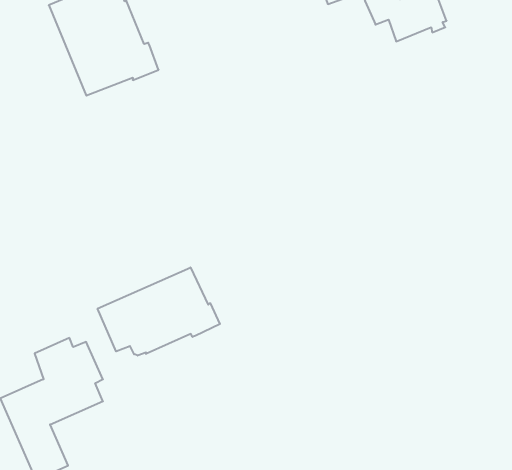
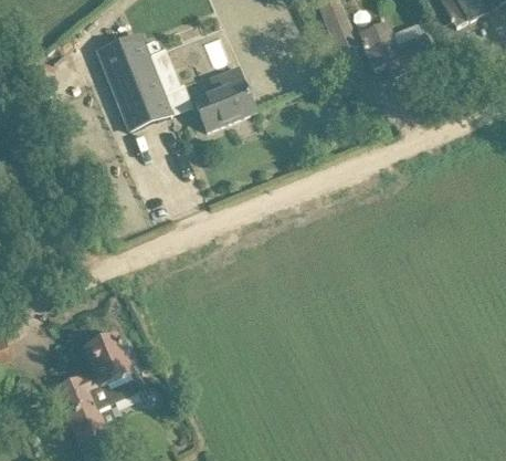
building: none -> [189,78,250,127]
building: [98,267,220,356] -> none

